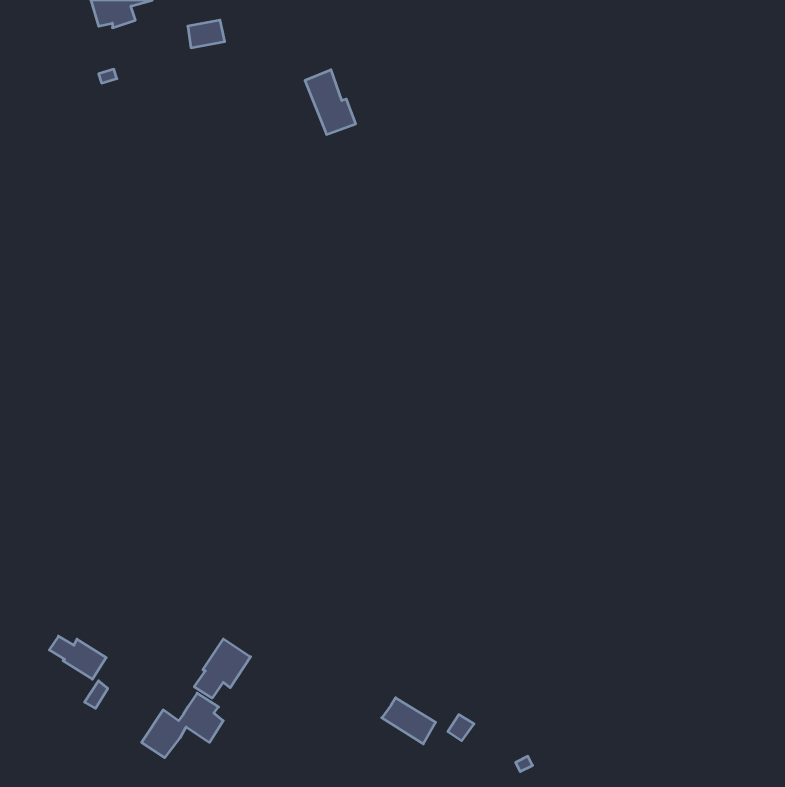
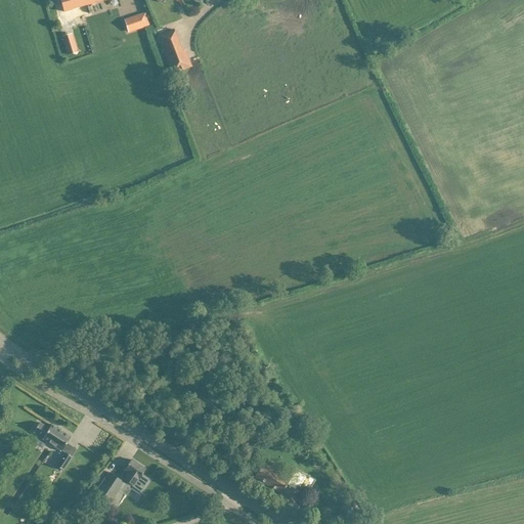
building: [305,70,356,134] -> [159,30,192,73]
building: [194,639,251,698] -> none

